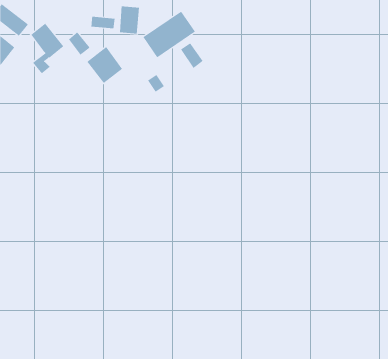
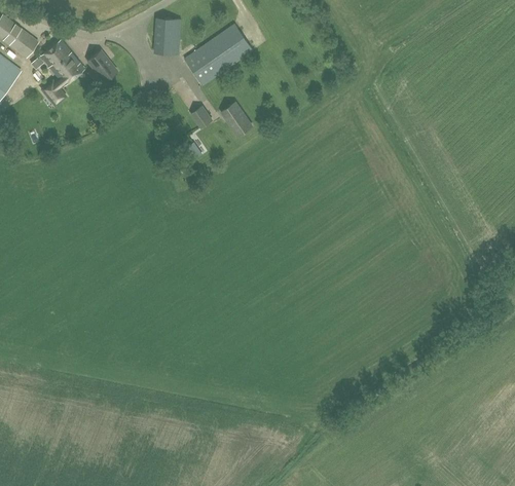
building: [91,16,115,29] -> none
building: [180,42,203,69] -> [222,102,252,136]
building: [86,46,123,84] -> none

